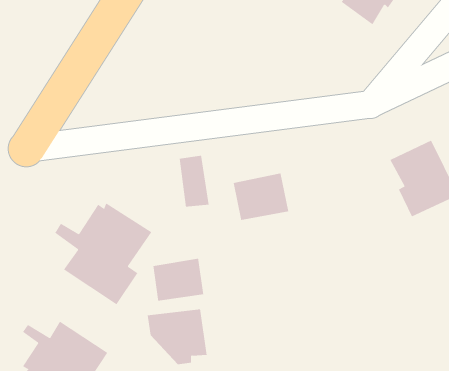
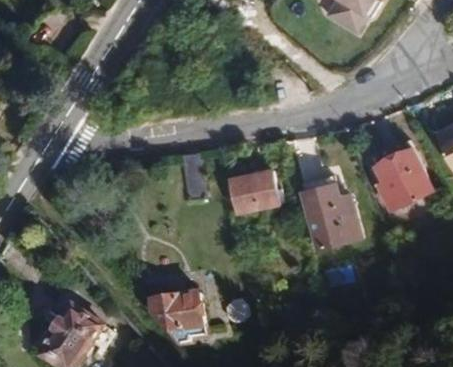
building: none -> [301,174,363,250]
building: [55,202,152,305] -> none
building: [153,258,204,301] -> none

